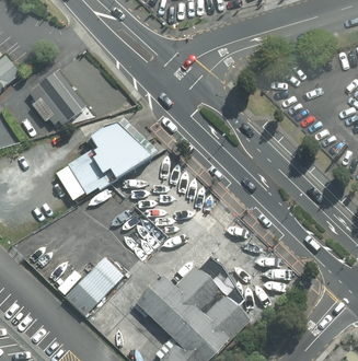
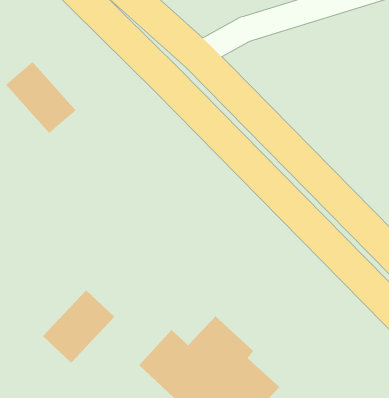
building: [55,120,152,200] -> none

